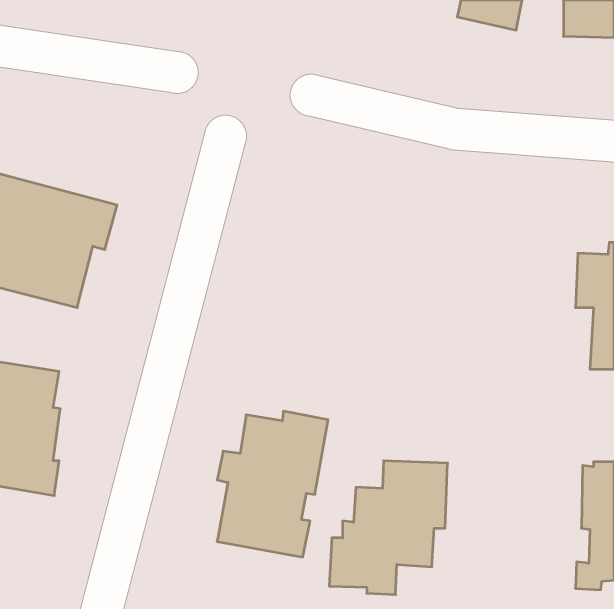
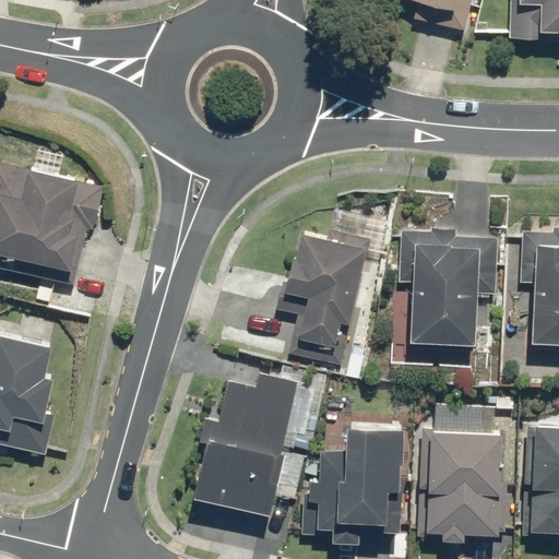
building: none -> [399,229,483,345]
building: none -> [280,231,374,369]
building: none -> [420,404,503,542]

